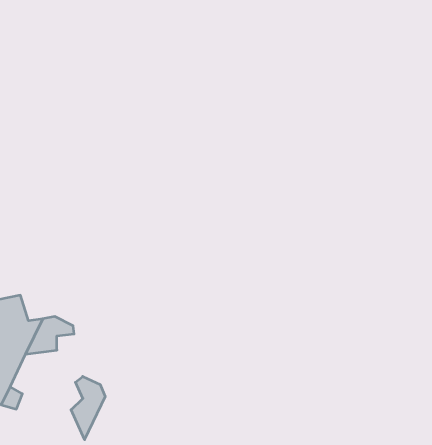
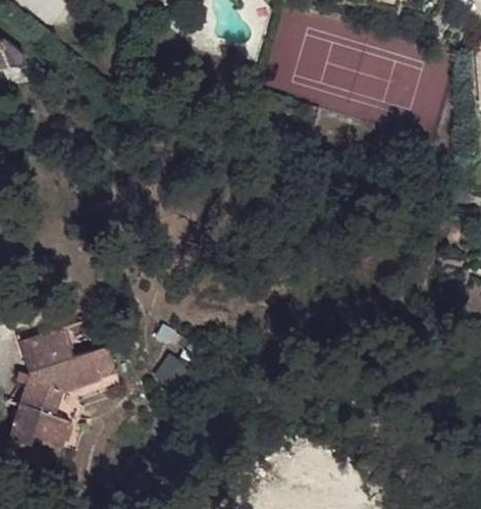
building: [71,376,105,440] -> none

